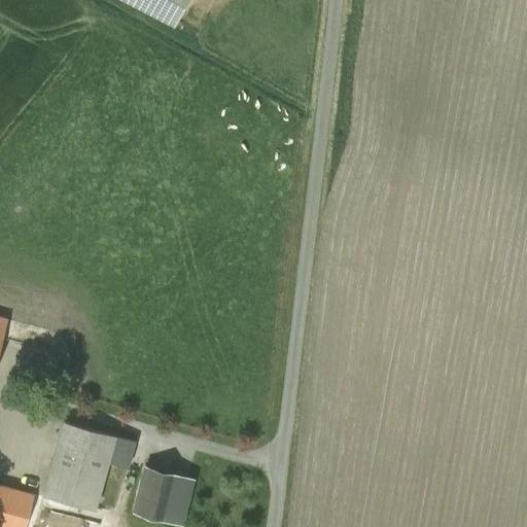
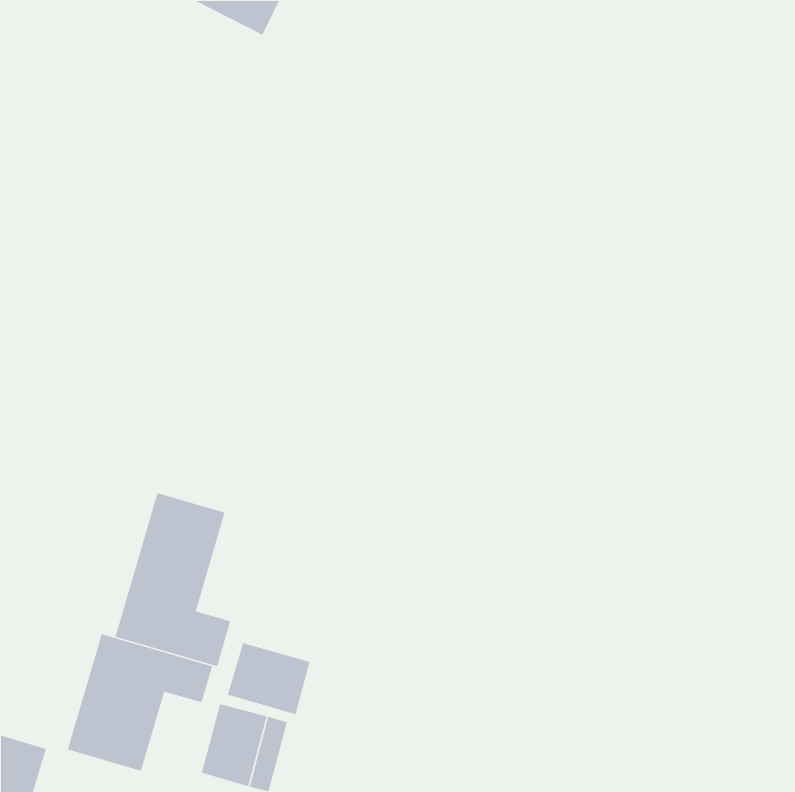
building: none -> [115,492,231,667]
building: none -> [227,642,310,715]

